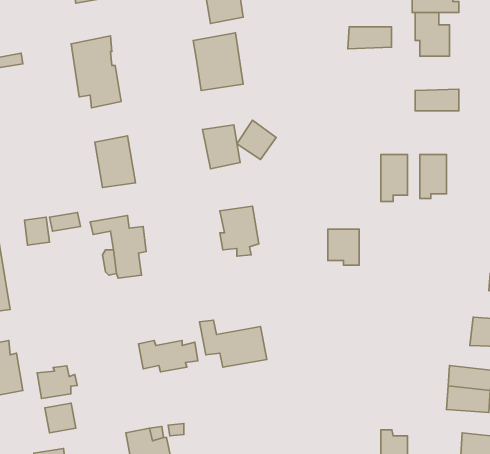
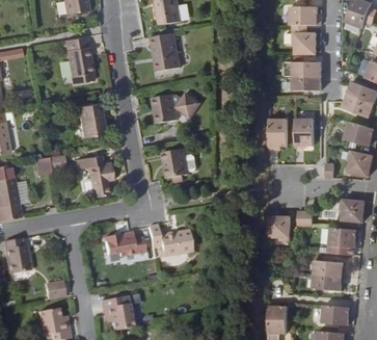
building: [348,27,391,49] -> [292,59,321,74]
building: [328,229,359,265] -> [269,214,290,238]
building: [37,366,77,398] -> none

